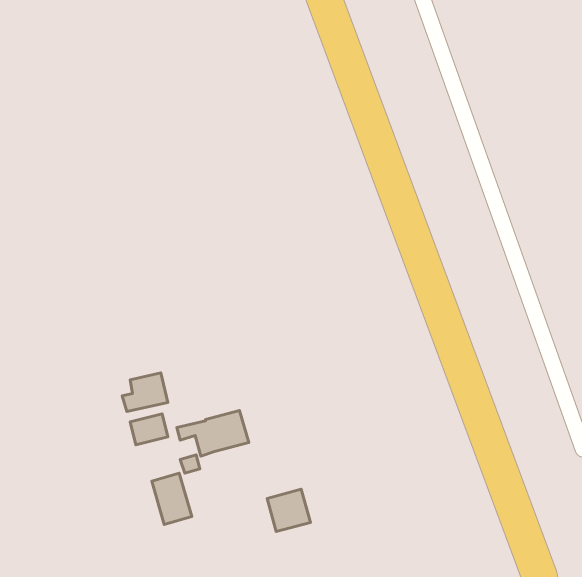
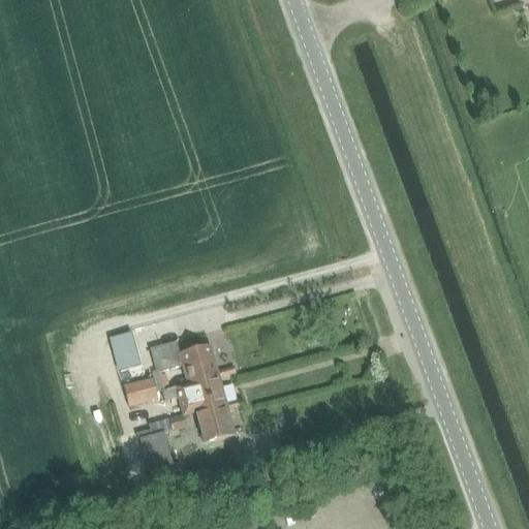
building: none -> [150,339,218,380]
building: [267,489,310,531] -> [195,401,235,439]

